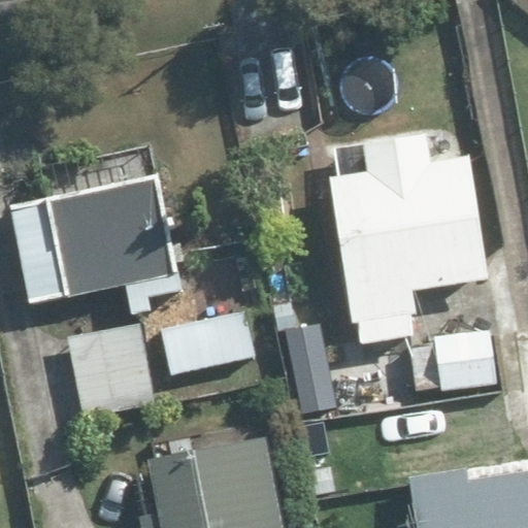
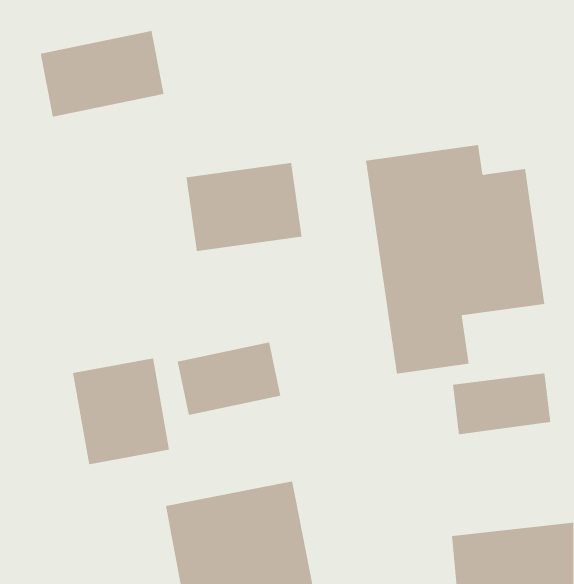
building: none -> [40,30,164,118]
building: none -> [186,162,302,252]
building: [12,175,185,314] -> none

